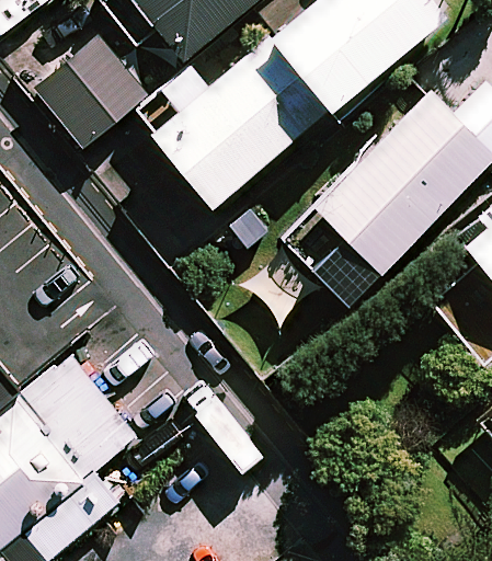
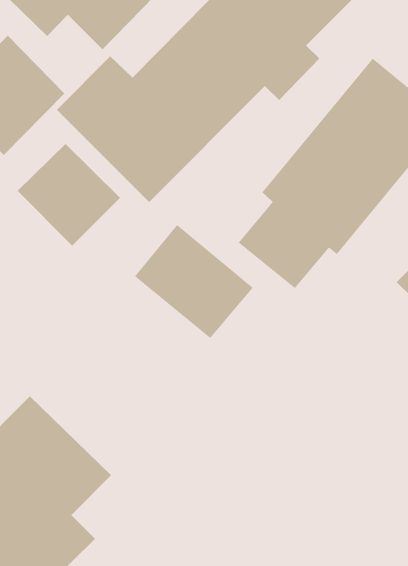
building: none -> [17,143,121,247]
building: none -> [134,224,254,339]

